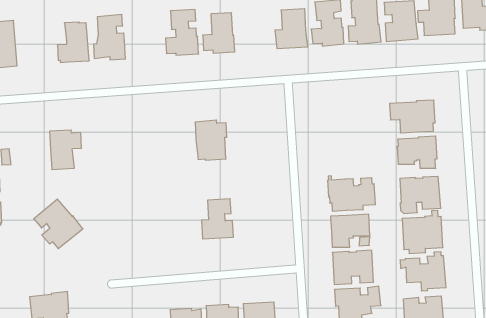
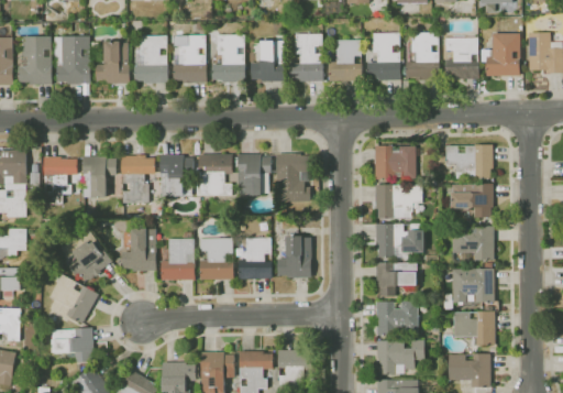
building: none -> [286,33,323,80]
building: none -> [173,35,206,83]
building: none -> [54,33,90,84]
building: none -> [375,145,415,178]
building: none -> [276,153,310,201]
building: none -> [199,154,232,196]
building: none -> [159,154,192,196]
building: none -> [117,154,154,203]
building: none -> [43,154,77,204]
building: none -> [375,184,422,218]
building: none -> [277,236,311,277]
building: none -> [122,228,156,270]
building: none -> [161,232,195,280]
building: none -> [200,238,233,280]
building: none -> [49,274,99,323]

